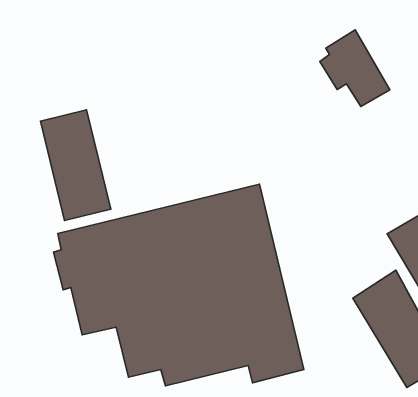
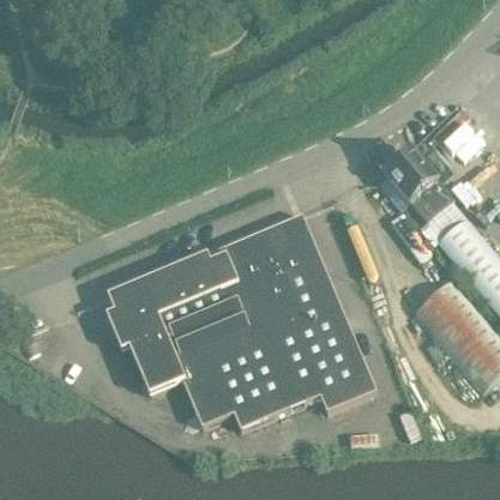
building: [320,30,390,107] -> [378,145,452,221]
building: [40,110,111,221] -> none

